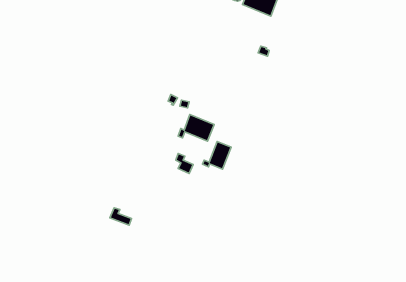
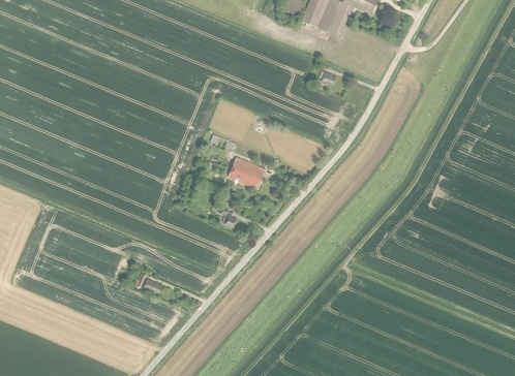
building: [203,142,231,169] -> none

